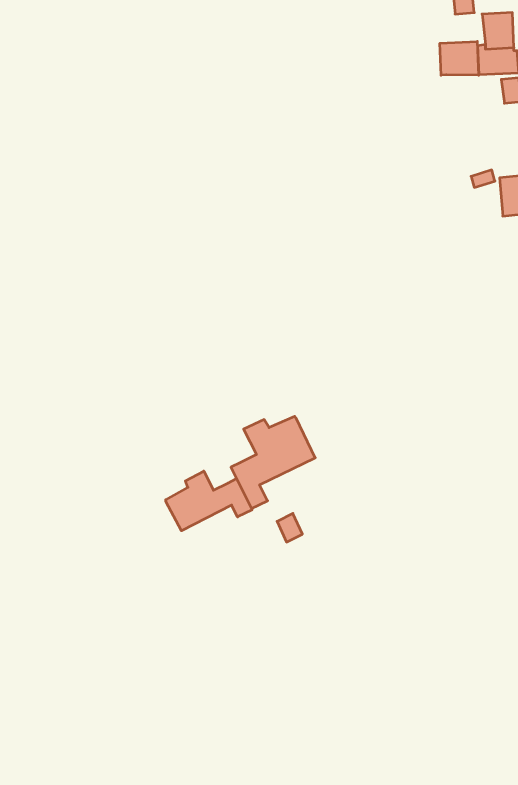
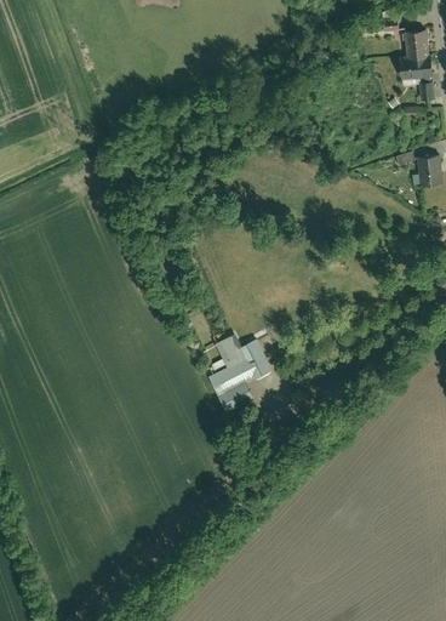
building: [440,41,479,75] -> none
building: [166,471,252,531] -> none

